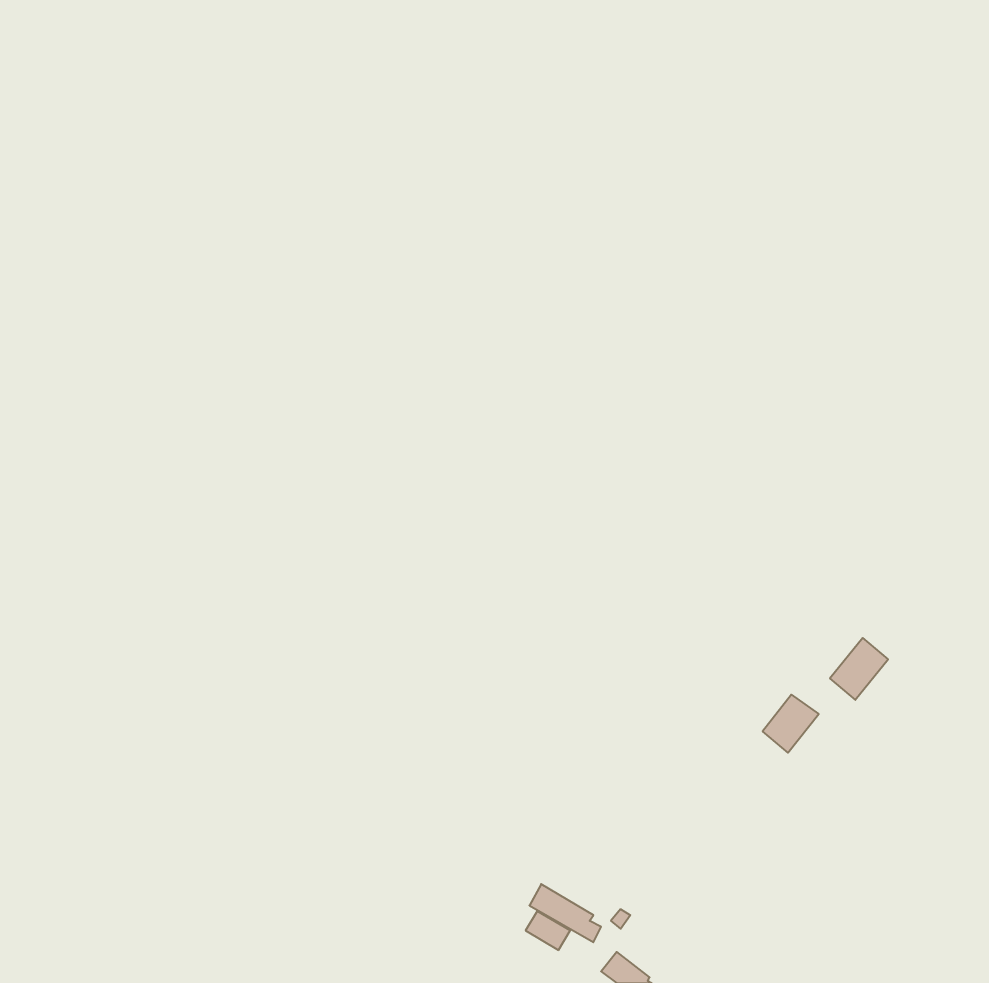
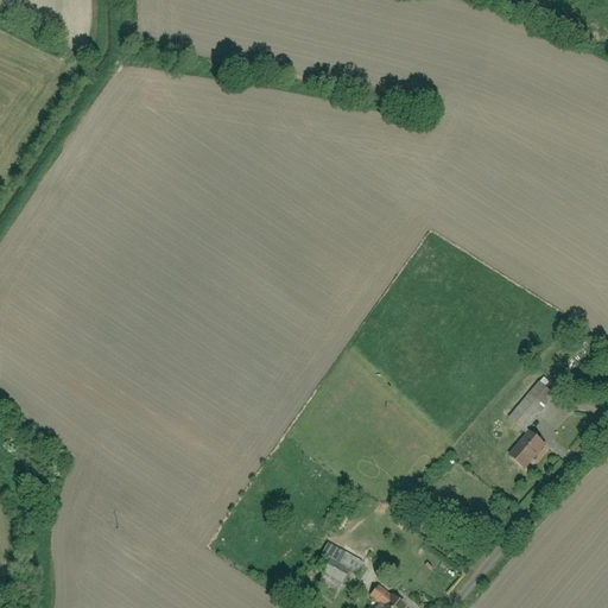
building: [763,695,819,753] -> [511,431,545,467]

